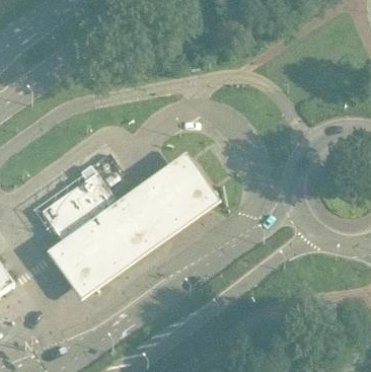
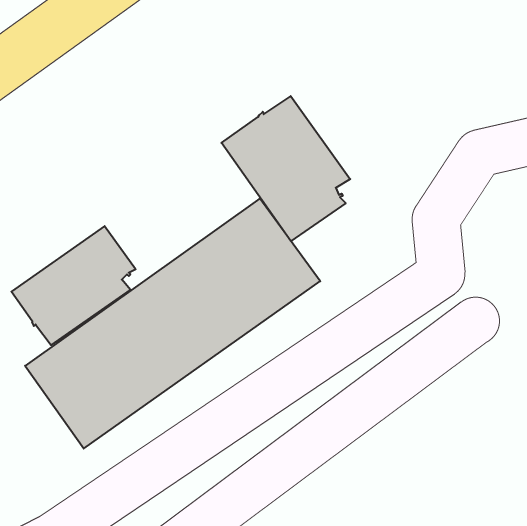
building: none -> [221,96,350,241]

